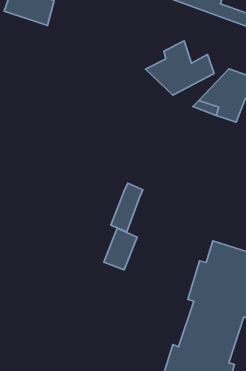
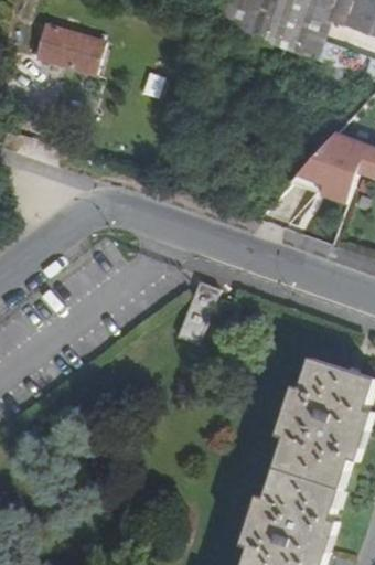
building: [146,41,214,95] -> none
building: [104,228,137,270] -> none

